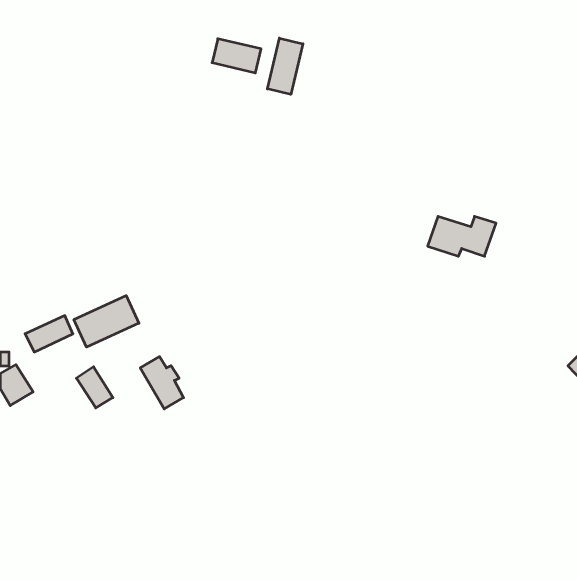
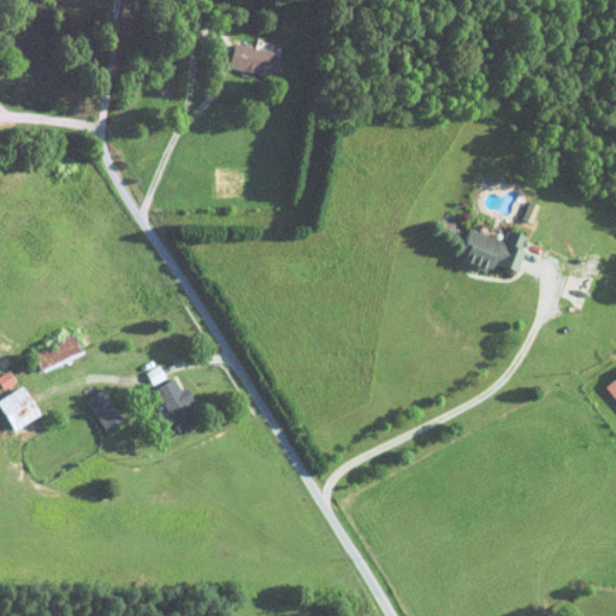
building: [267,38,303,94] -> none
building: [74,296,139,347] -> none

